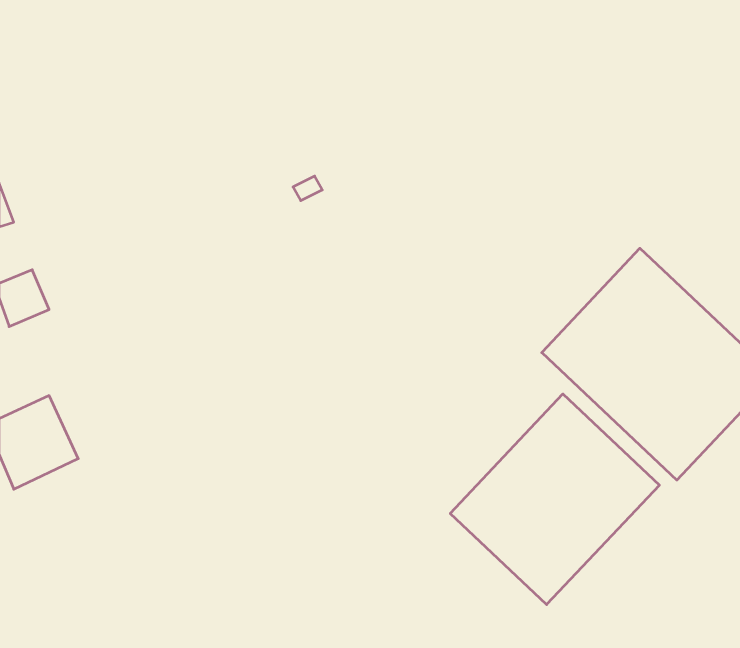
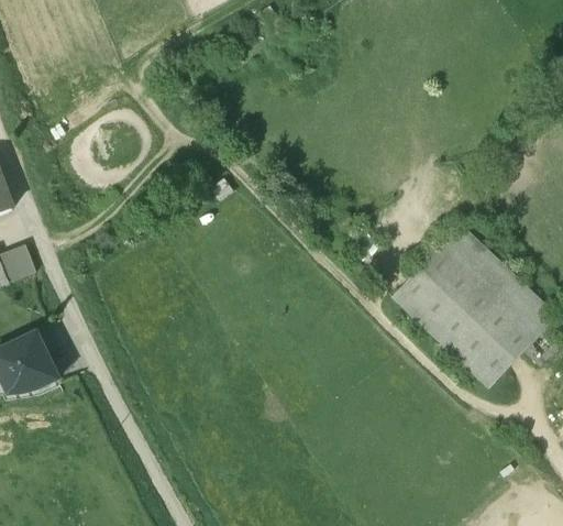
building: [450,394,659,605] -> none

